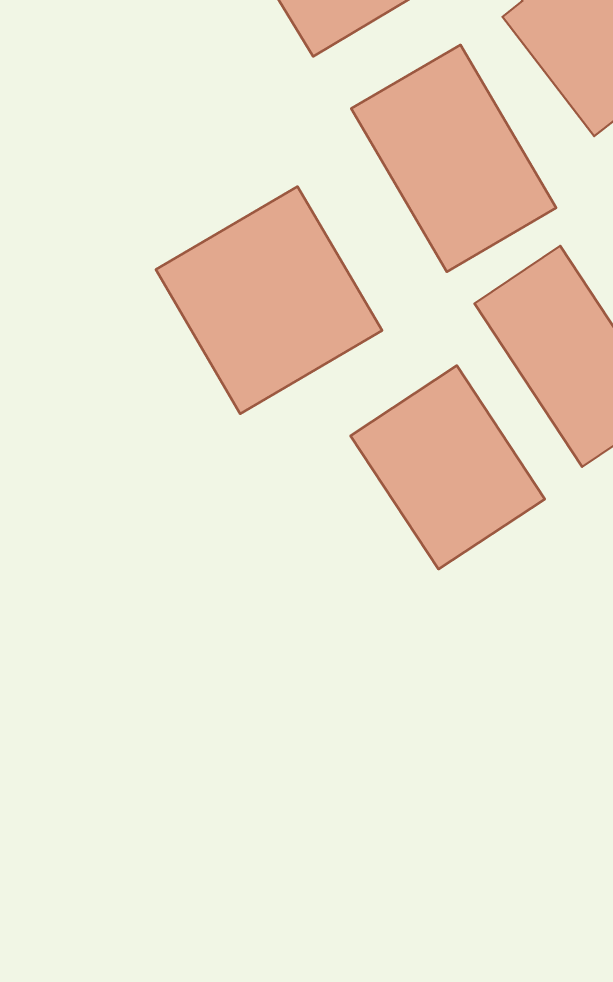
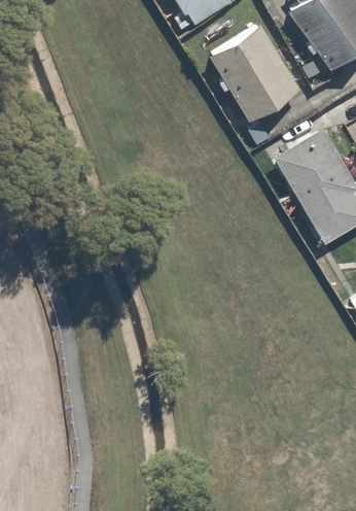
building: [156,186,382,414] -> none
building: [351,366,545,569] -> none

